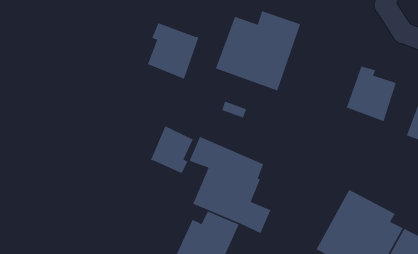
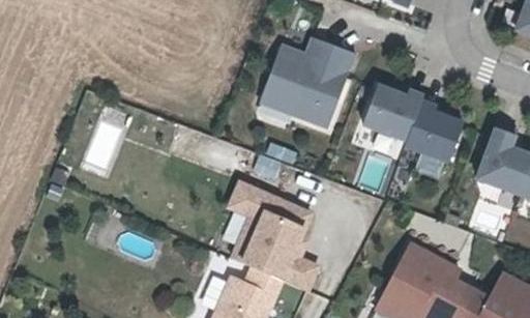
building: [147,22,199,80] -> none
building: none -> [361,84,428,144]
building: [150,125,194,174] -> none

